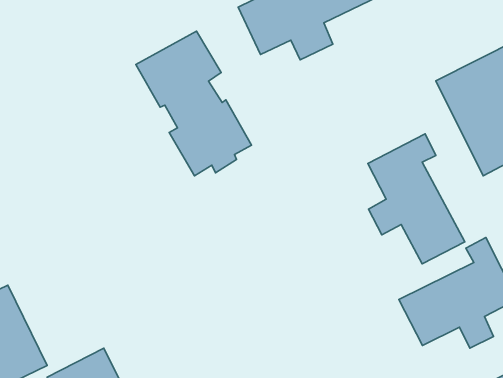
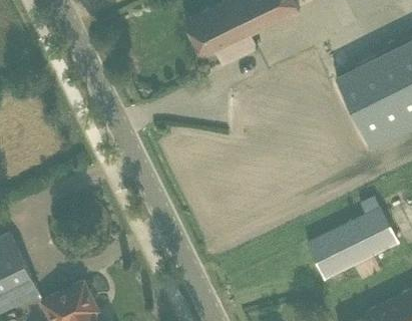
building: [136,31,251,176] -> none
building: [368,134,465,264] -> none

